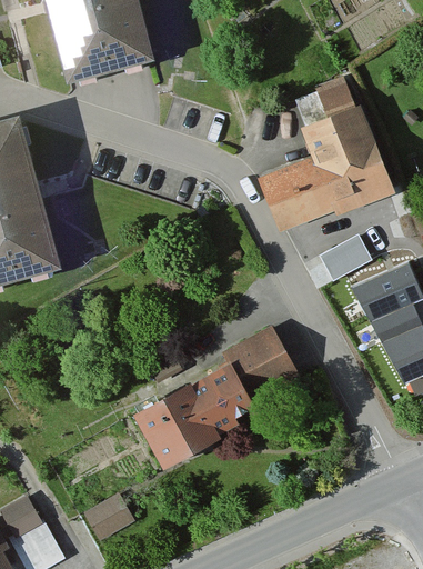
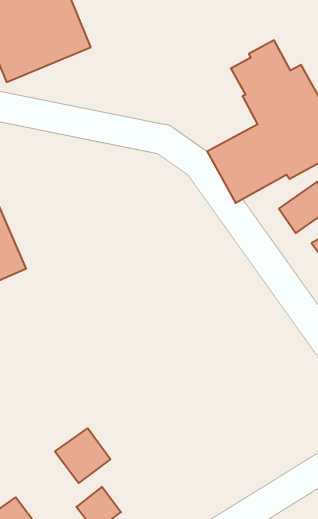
building: [133,322,299,472] -> none
building: none -> [55,428,110,483]

